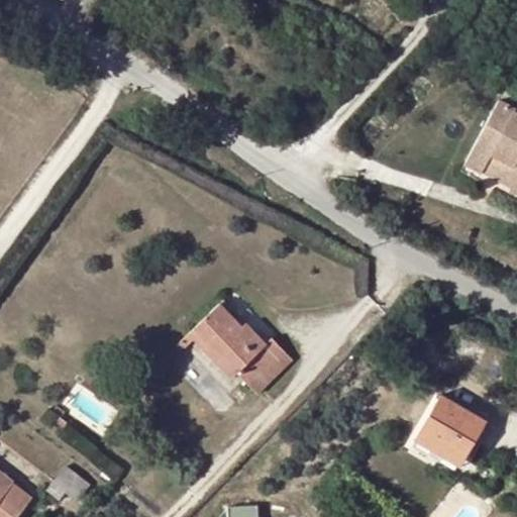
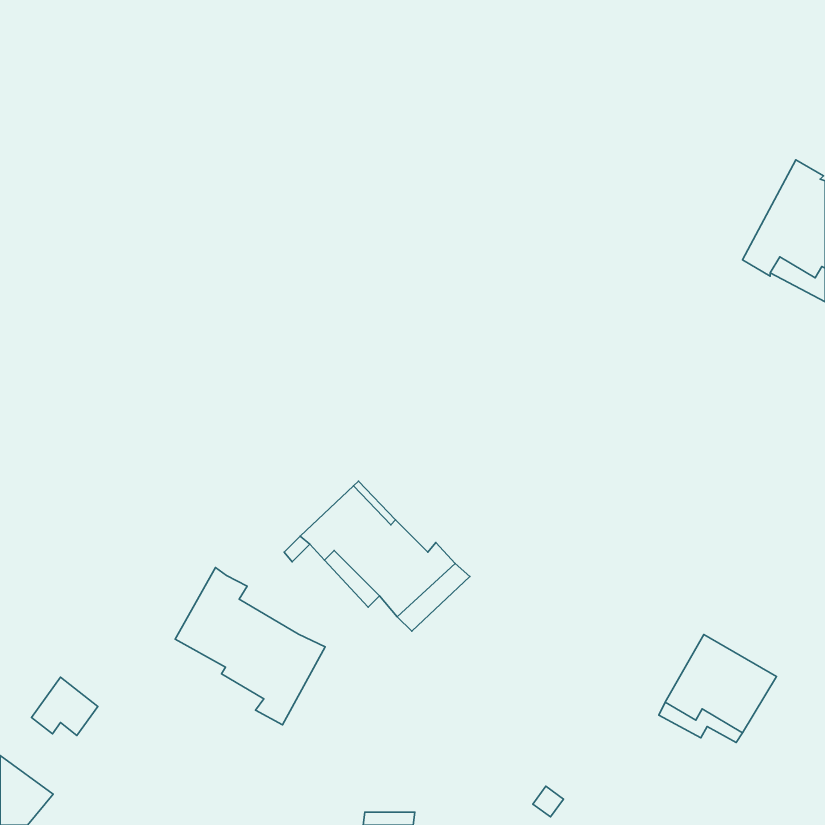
building: none -> [175,567,325,725]
building: [47,466,89,502] -> [32,677,98,735]

